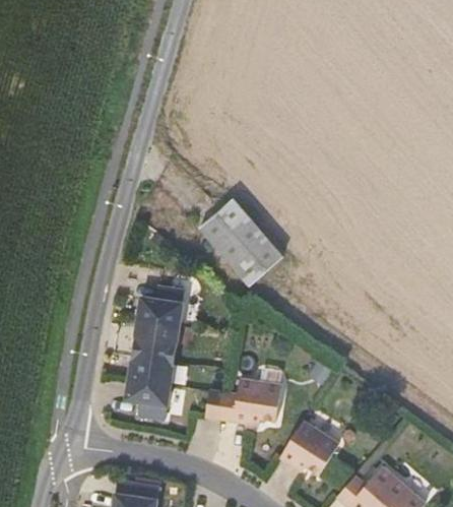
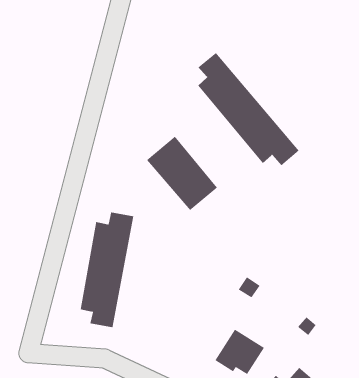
building: none -> [197,52,300,166]
building: [206,379,281,426] -> none

